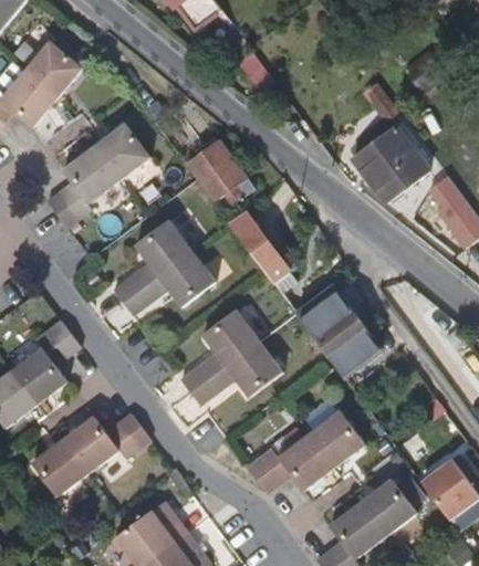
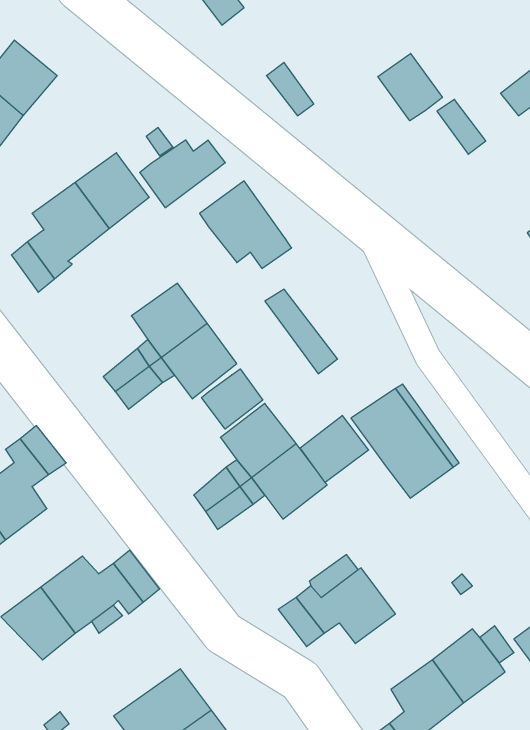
building: none -> [378,53,442,121]
building: none -> [140,140,225,208]
building: [355,130,424,199] -> none
building: none -> [202,369,263,429]
building: none -> [300,415,369,482]
building: [308,407,365,465] -> none

